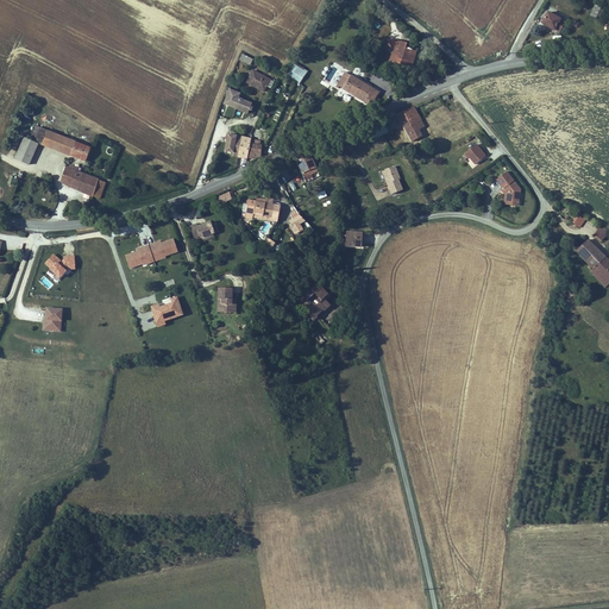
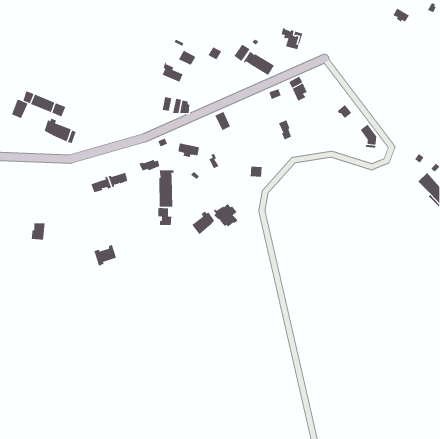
building: none -> [159,170,174,208]
building: [45,253,75,282] -> none
building: none -> [192,211,215,235]
building: [151,296,183,327] -> [93,244,117,266]

